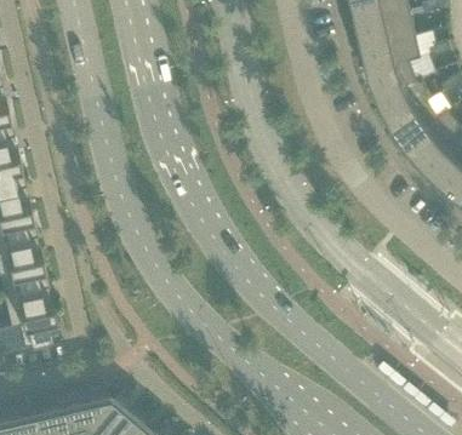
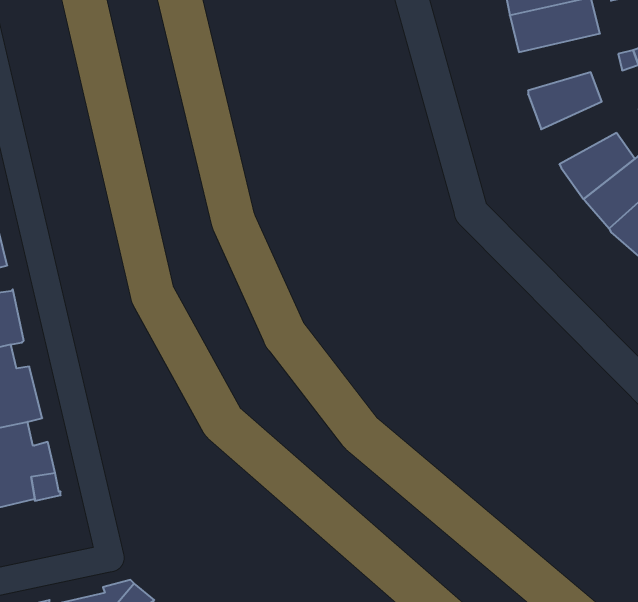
building: [363,35,421,73] -> none
building: [377,78,433,121] -> none

